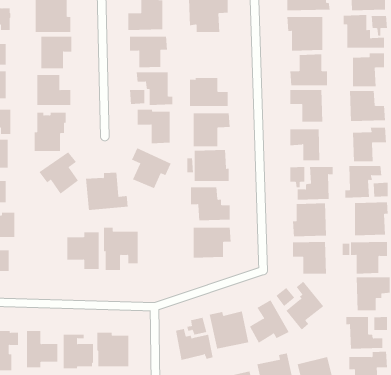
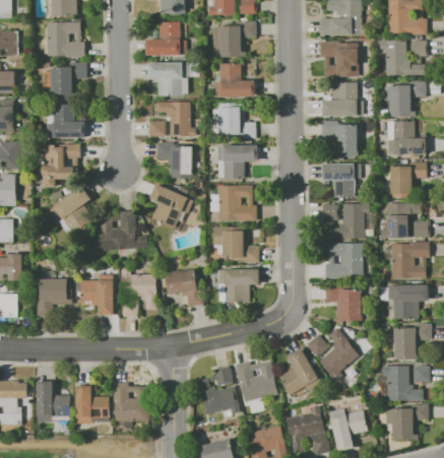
building: none -> [213,63,256,96]
building: none -> [165,268,205,306]
building: none -> [37,279,72,315]

